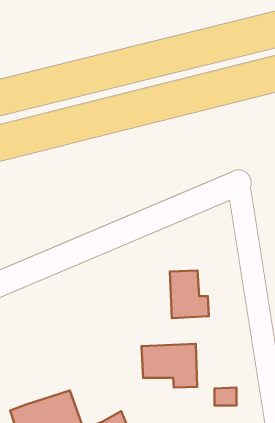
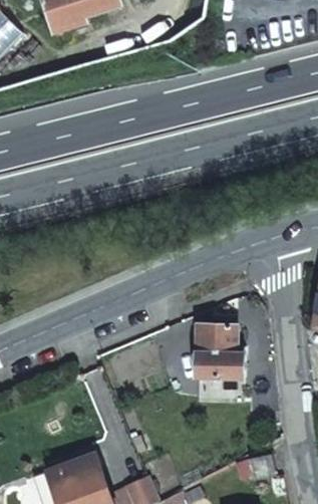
building: [142,344,197,388] -> none

